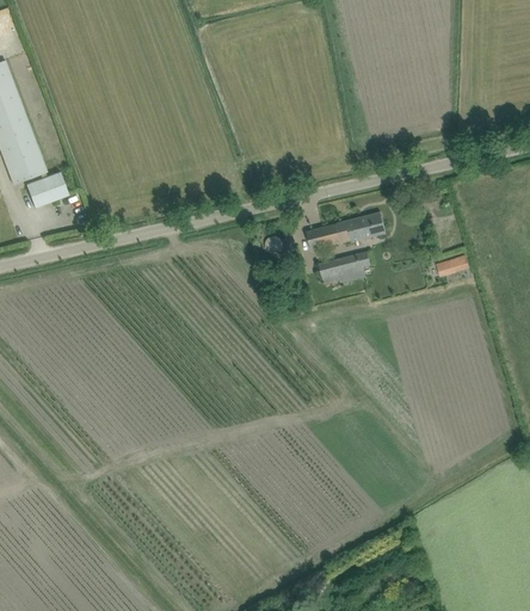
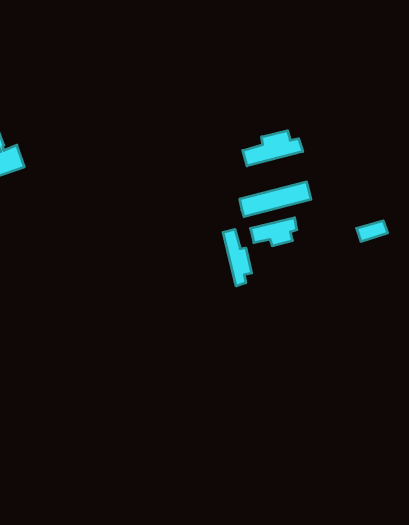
building: none -> [243,131,303,166]
building: none -> [223,229,252,286]

